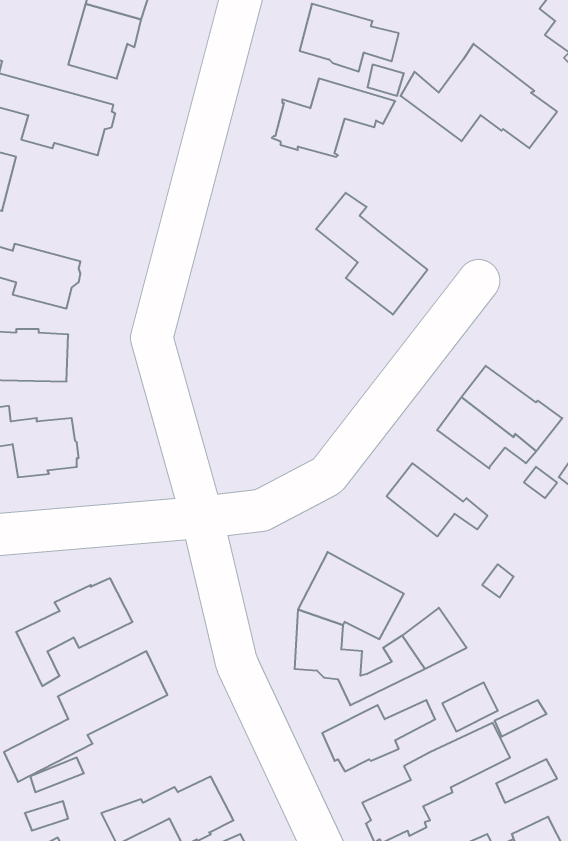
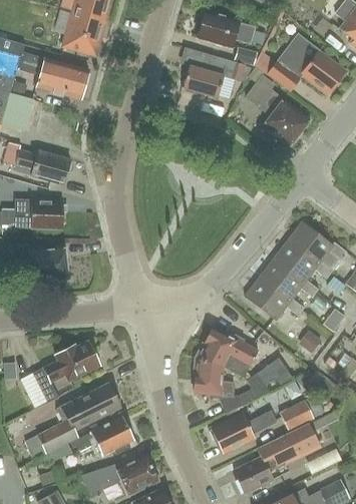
building: [316,193,427,315] -> [245,75,309,145]
building: none -> [262,256,319,297]
building: none -> [70,418,132,455]

